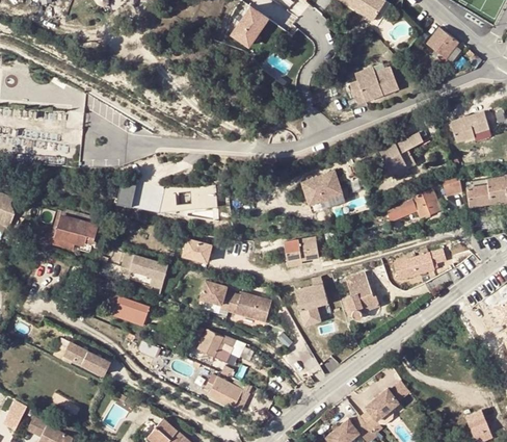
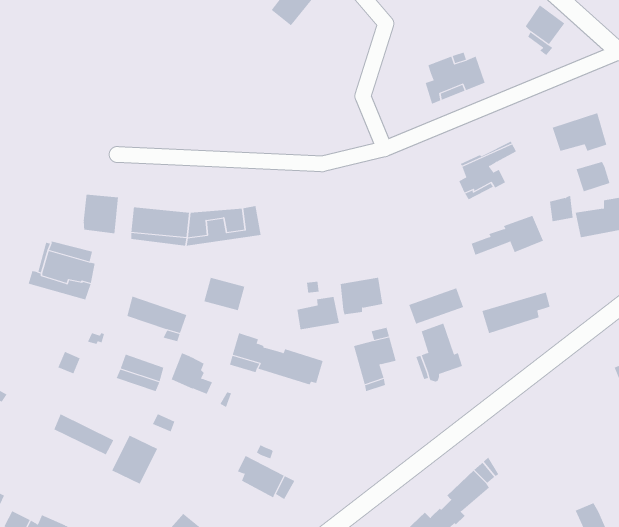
building: none -> [576,161,610,192]
building: [298,171,342,213] -> none
building: none -> [83,194,118,234]
building: none -> [408,287,464,324]
building: none -> [297,296,339,330]
building: [198,330,231,362] -> [171,353,213,394]
building: none -> [112,435,158,485]

